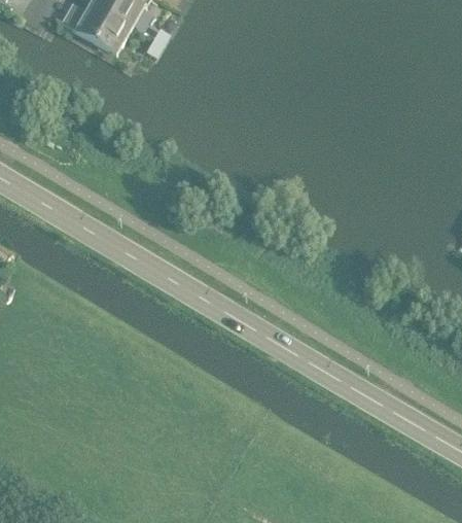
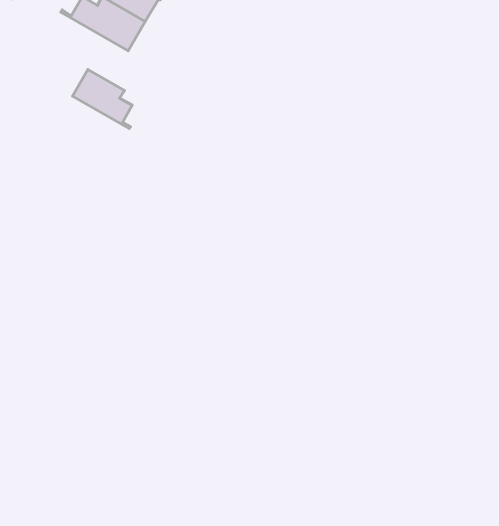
building: none -> [73,70,132,129]

